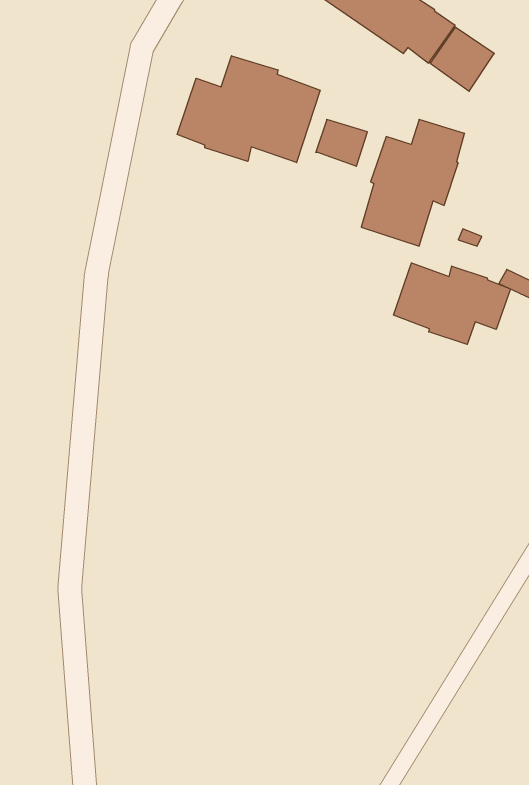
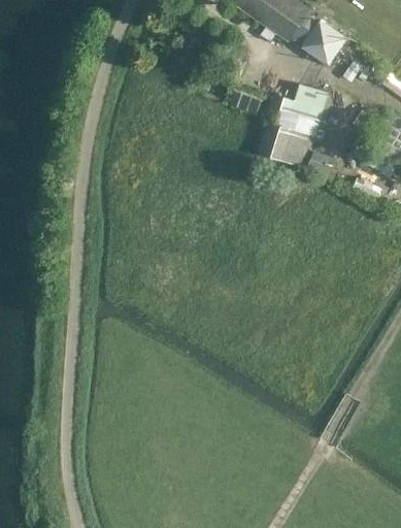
building: [177,56,320,163] -> none
building: [394,263,510,344] -> none

